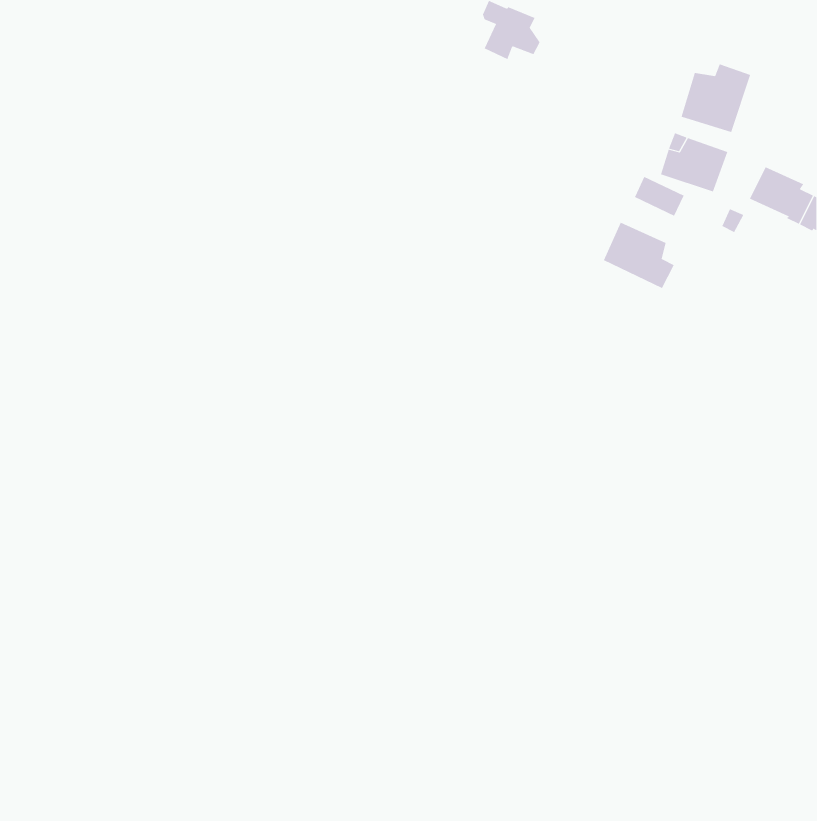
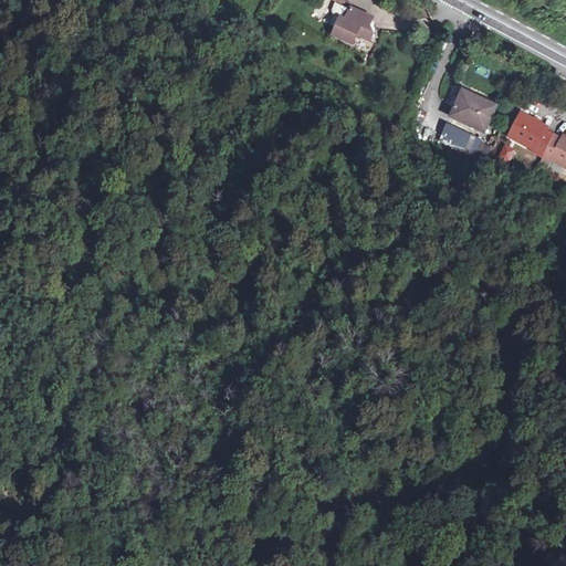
building: [681,63,751,133] -> none
building: [603,222,674,289] -> none

